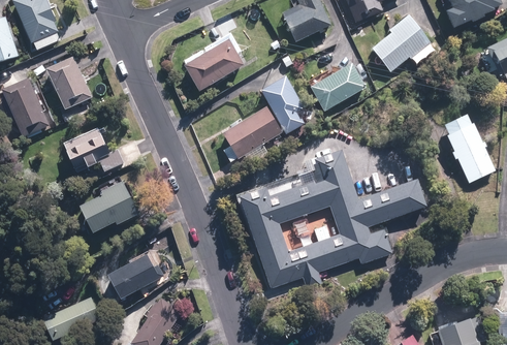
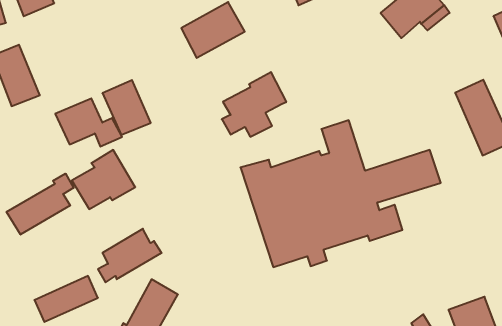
building: [46,58,92,109] -> [102,80,151,135]
building: [310,63,366,109] -> none
building: [259,75,304,134] -> none
building: none -> [7,174,74,235]

